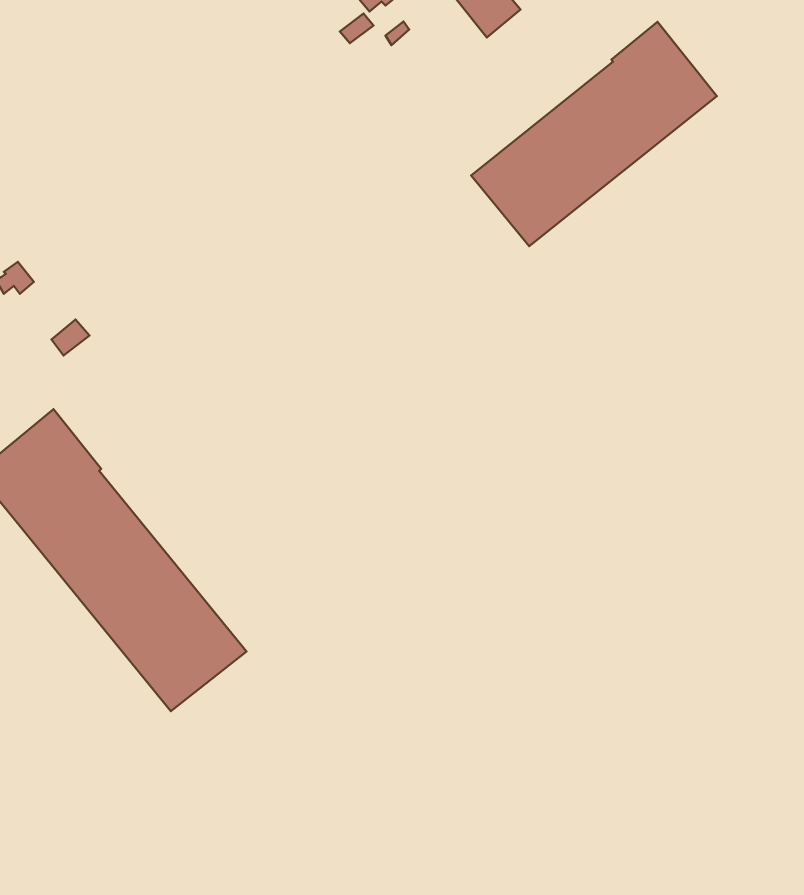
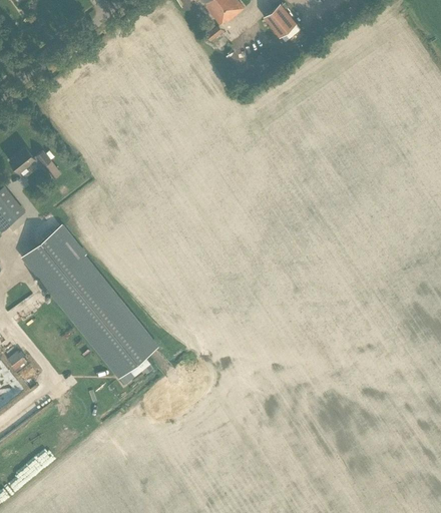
building: [471,22,717,246] -> none

